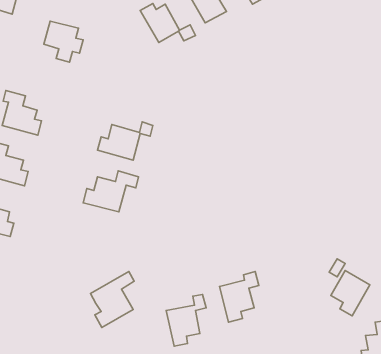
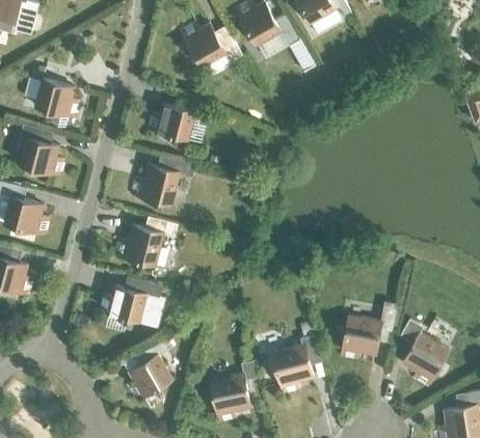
building: [44,21,83,62] -> [34,80,80,128]
building: none -> [146,105,195,140]
building: none -> [99,279,163,326]
building: none -> [341,303,397,360]

